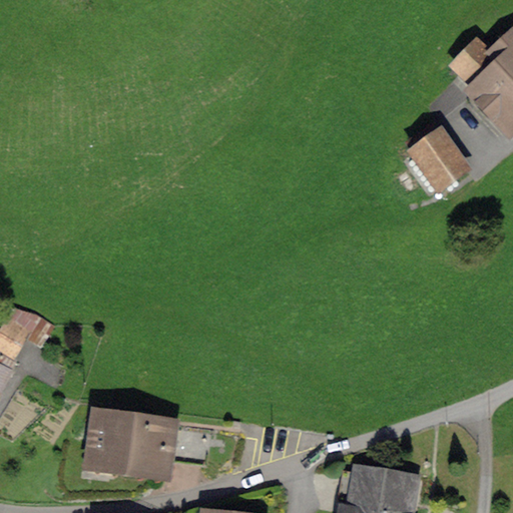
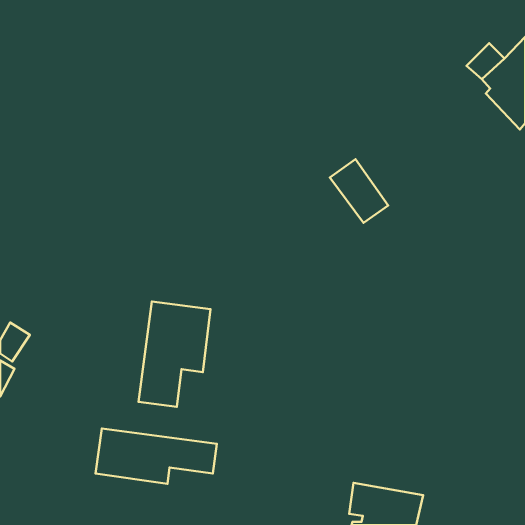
building: [408,124,465,186] -> [330,159,388,223]
building: none -> [138,301,210,407]

